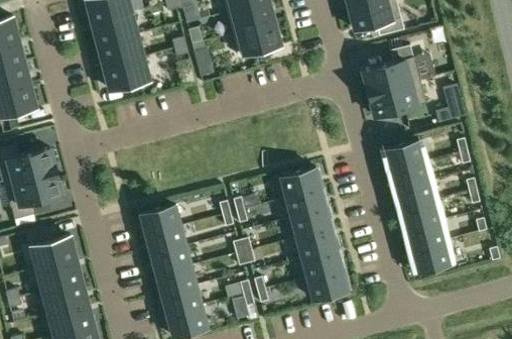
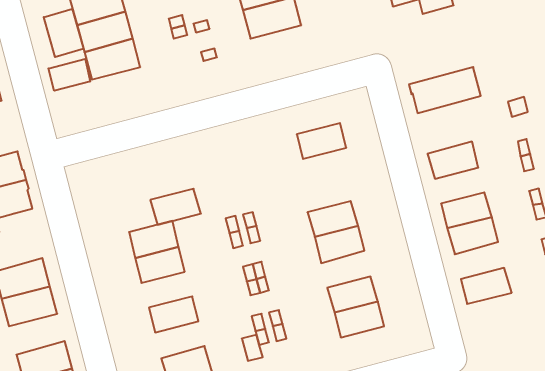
building: none -> [44,9,84,57]
building: [363,45,420,94] -> none
building: none -> [48,59,90,91]
building: [389,161,429,191] -> none
building: [280,168,321,198] -> [297,123,346,159]
building: [405,222,445,252] -> none
building: [296,229,337,259] -> none
building: [150,246,191,275] -> [150,189,201,225]
building: [42,280,88,314] -> none
building: [161,287,202,317] -> none

